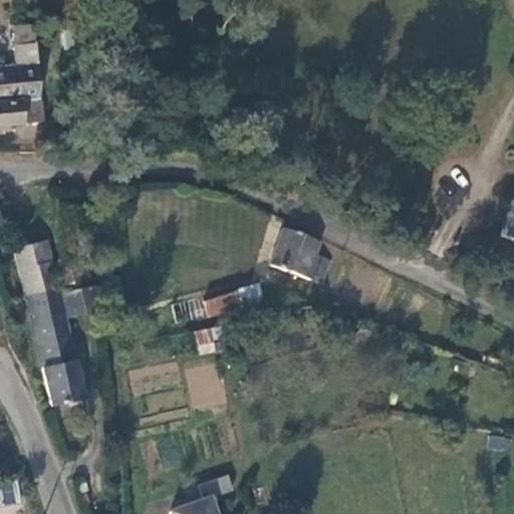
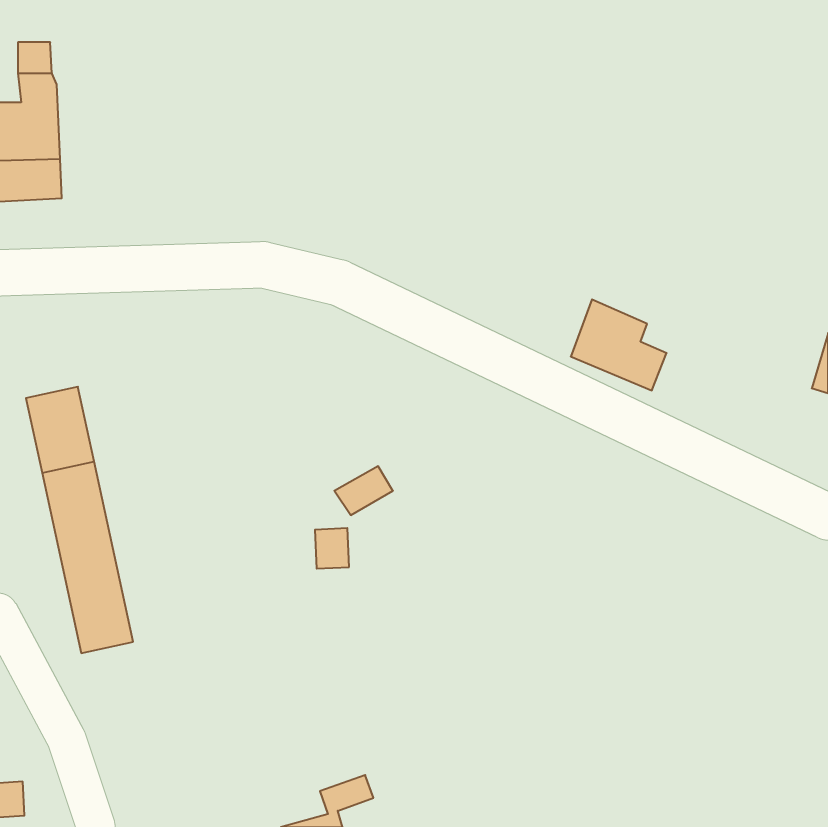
building: [273,229,332,285] -> [571,299,667,390]

